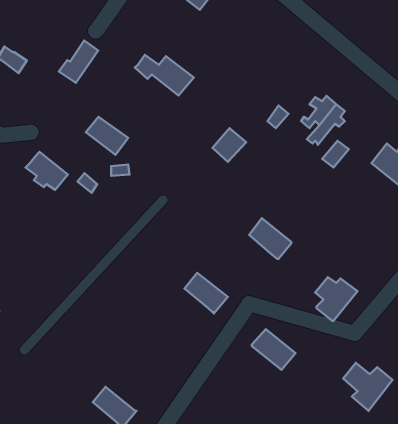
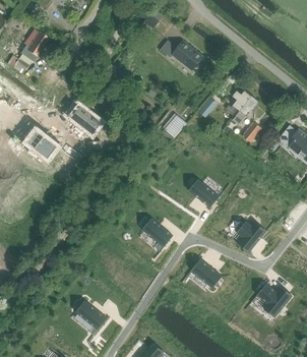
building: [59,40,98,83] -> [19,31,48,61]
building: [135,55,194,96] -> [160,40,202,69]

